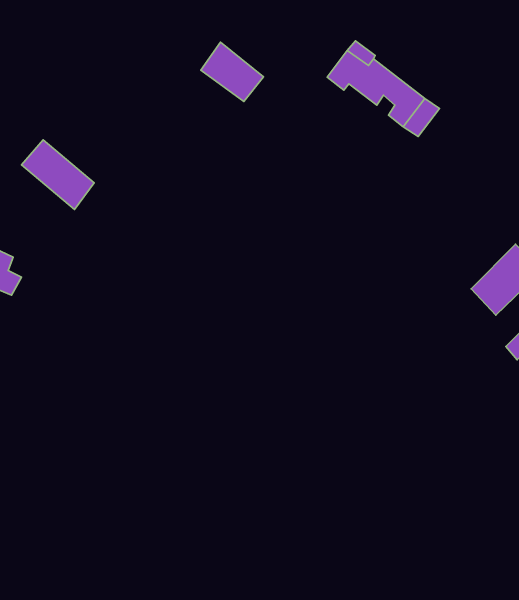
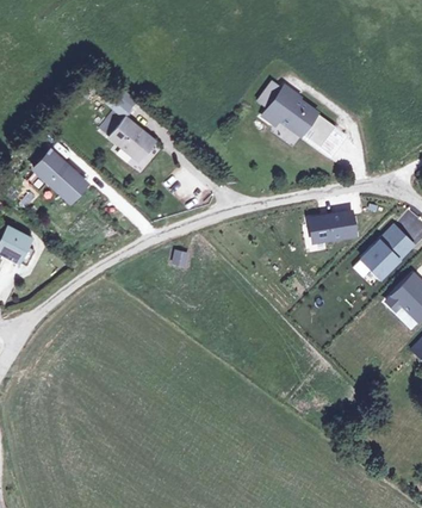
building: [201,42,264,102] -> [113,119,159,162]
building: none -> [311,215,355,243]

